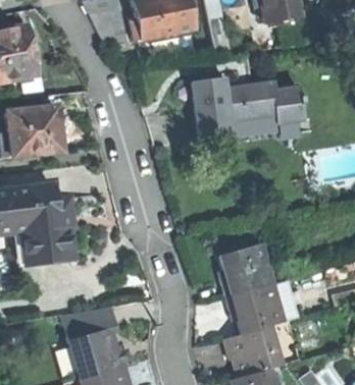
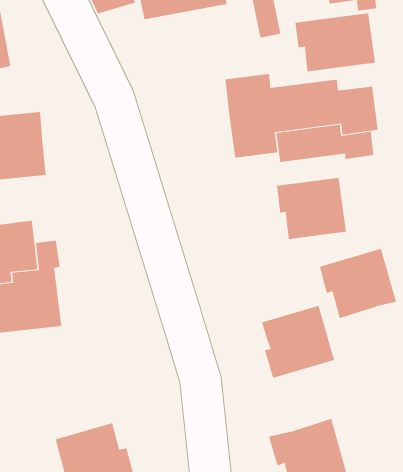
building: none -> [295,13,376,72]
building: none -> [276,177,347,240]
building: [226,283,283,334] -> [319,248,397,319]
building: [62,307,118,340] -> none

